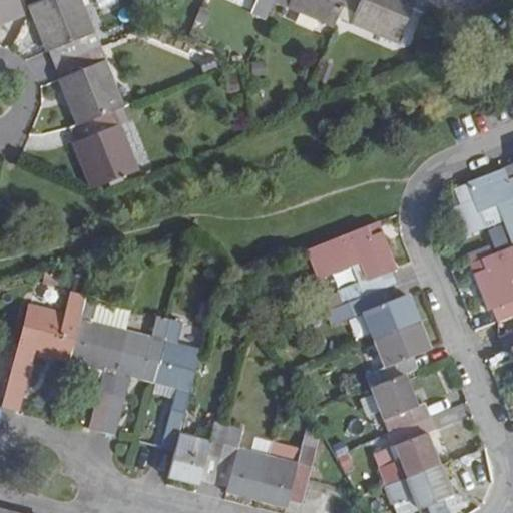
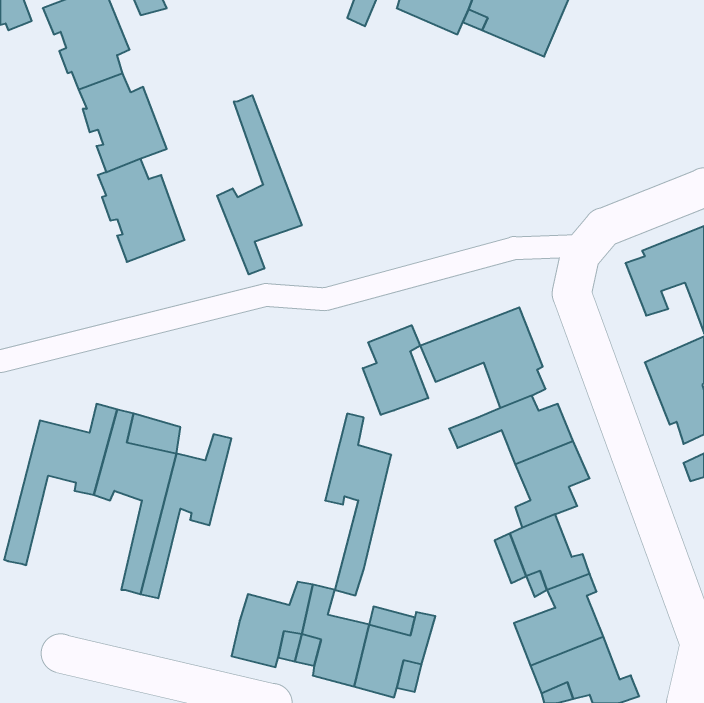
building: none -> [217,95,302,274]
building: none -> [363,325,428,415]
building: [152,319,200,451] -> [325,414,391,595]

